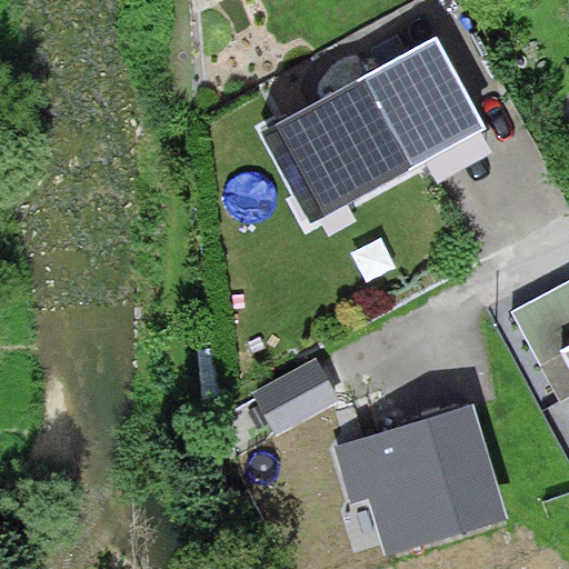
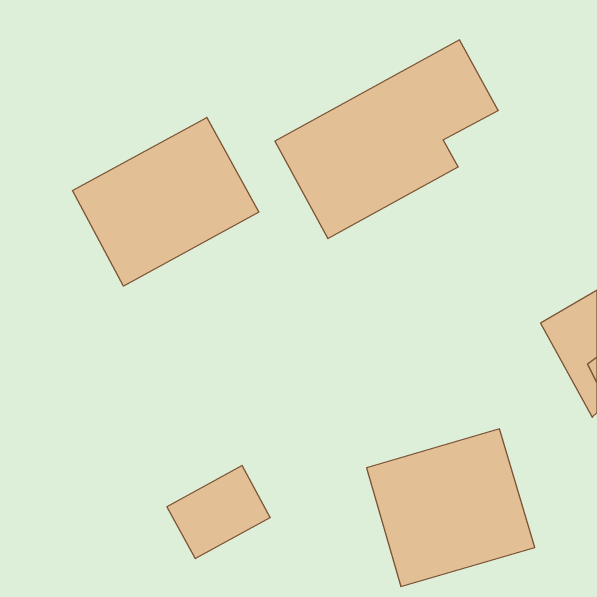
building: none -> [72,117,259,286]
building: [251,352,349,440] -> [167,466,270,558]

